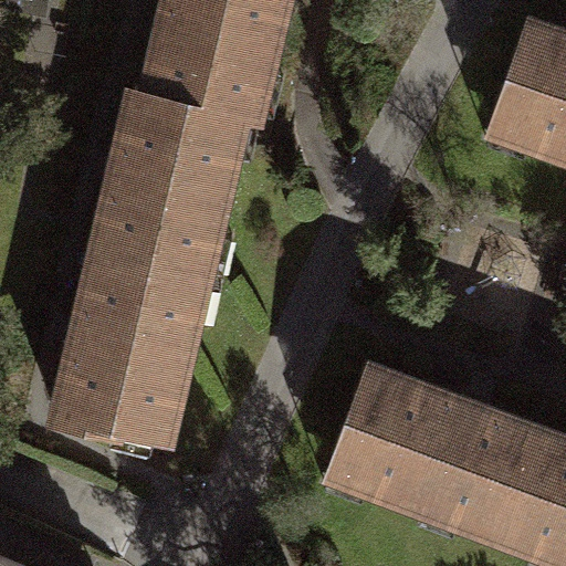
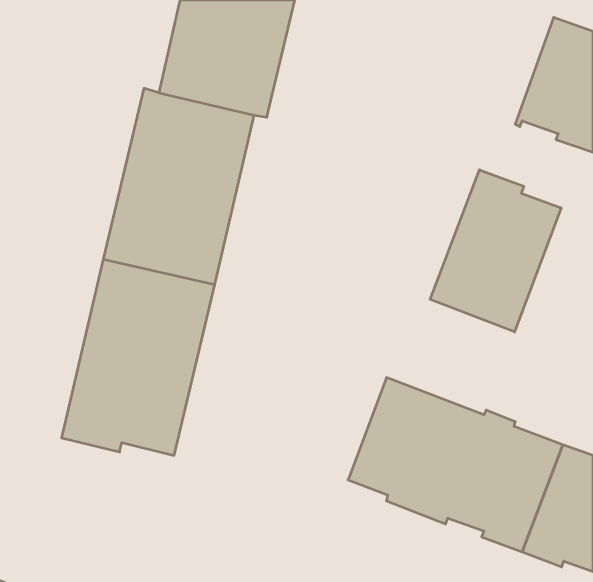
building: none -> [430,170,561,332]

